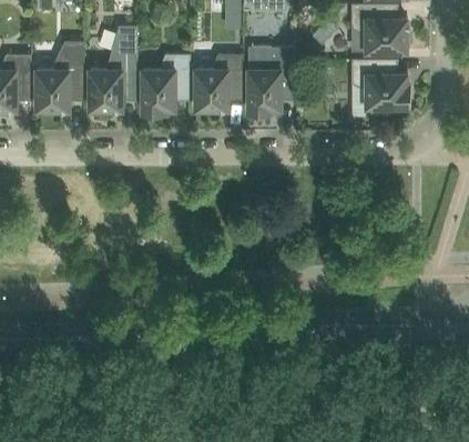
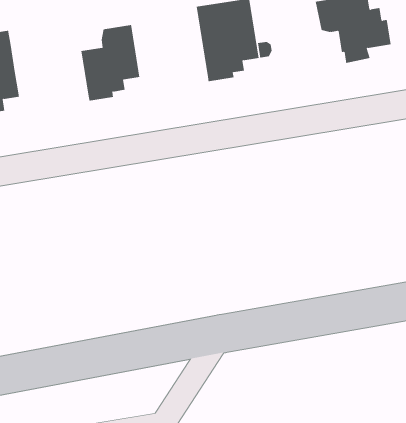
building: [88,29,135,113] -> none
building: [194,54,242,113] -> none

